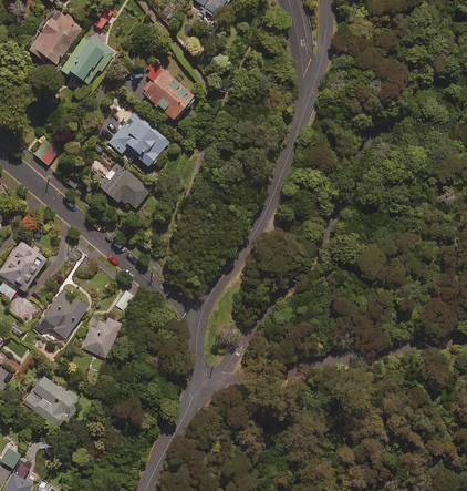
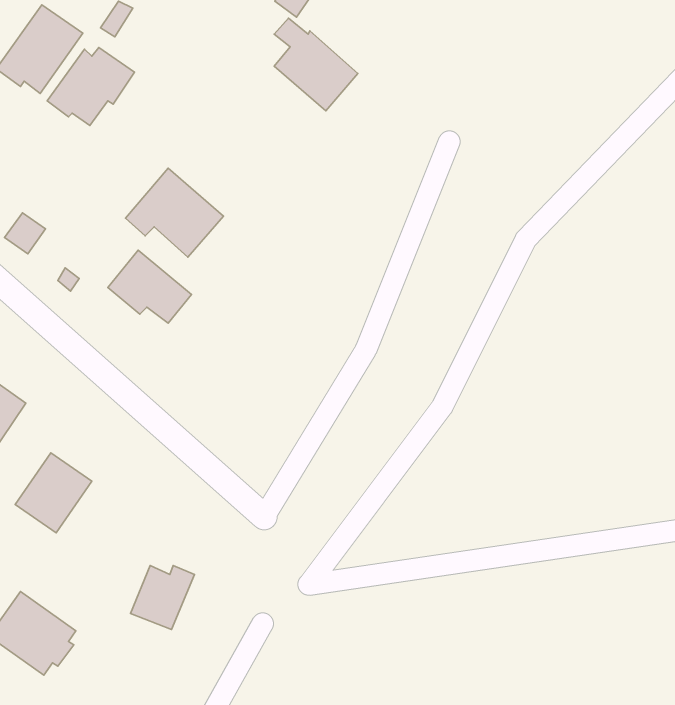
building: [141,61,193,119] -> [274,18,358,111]
building: [81,317,121,357] -> [131,566,195,630]

